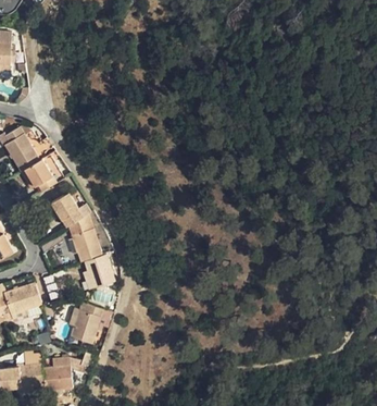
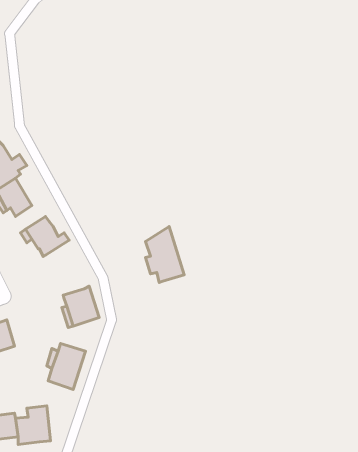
building: [68,212,102,261] -> [145,226,184,282]

